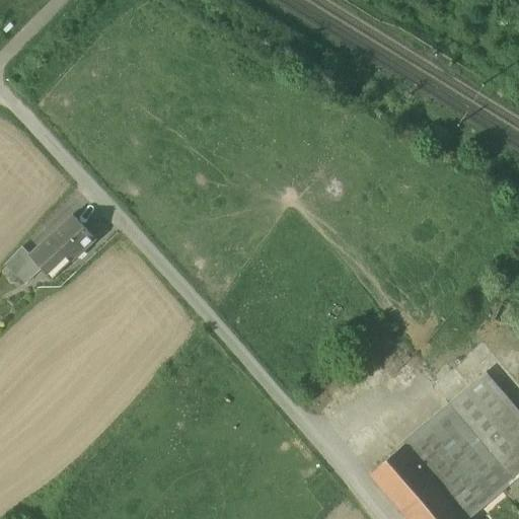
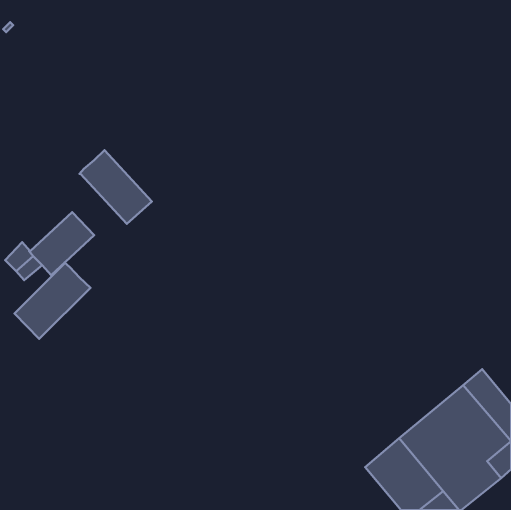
building: none -> [79,150,152,224]
building: none -> [15,262,90,339]

